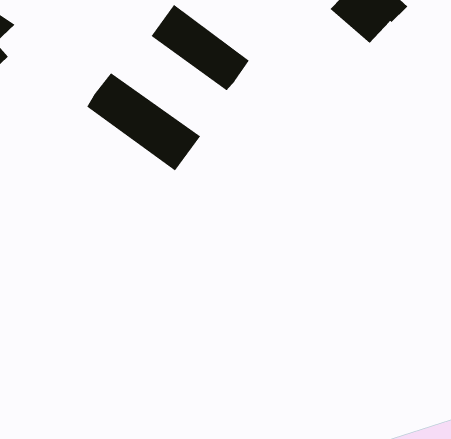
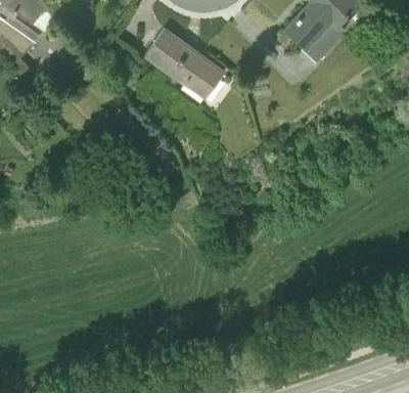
building: [86,72,201,172] -> none

